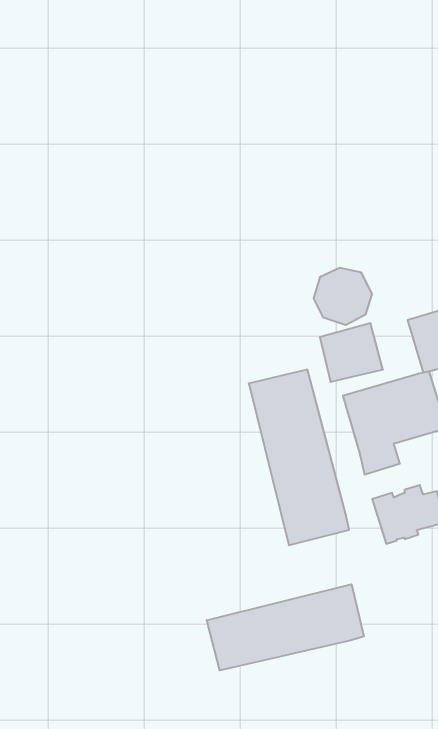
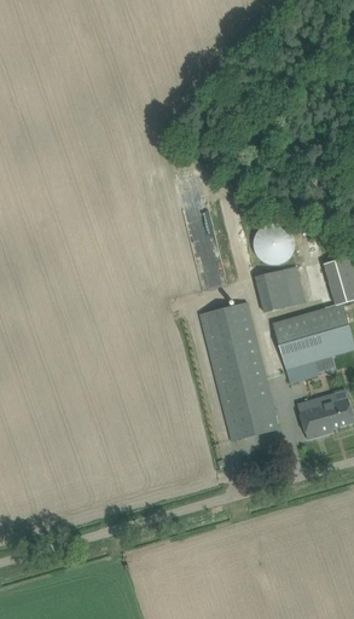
building: [207,584,364,670] -> none

